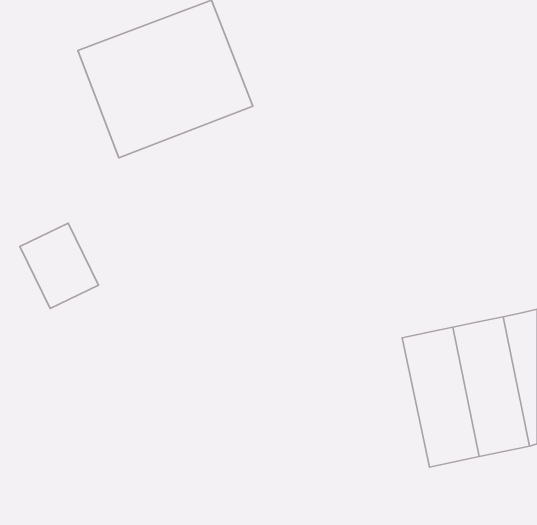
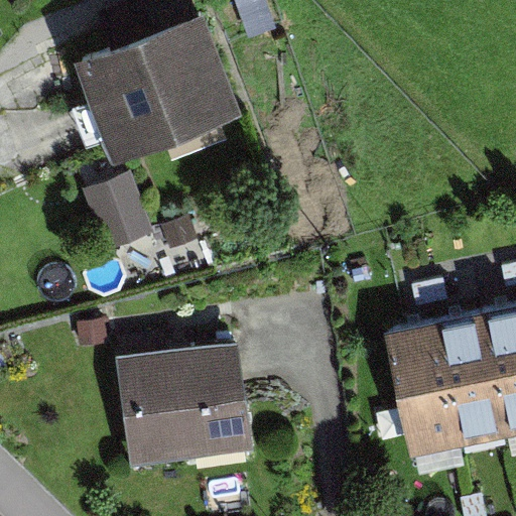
building: [20,223,99,308] -> [88,165,163,247]
building: none -> [116,347,252,473]

